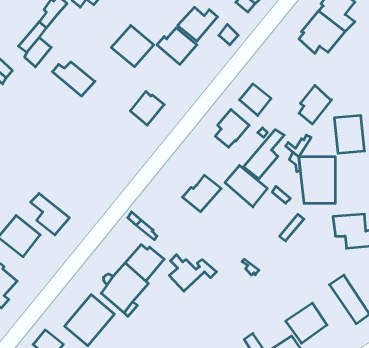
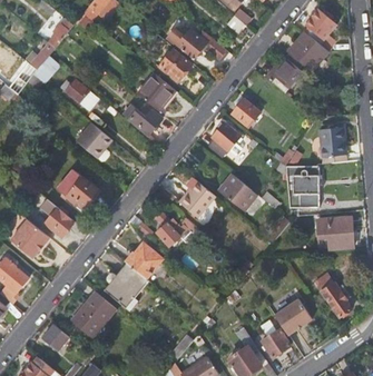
building: [111,25,154,67] -> [137,72,176,110]
building: [299,85,332,124] -> [272,57,302,92]
building: none -> [77,122,112,161]
building: [243,130,284,179] -> none
building: none -> [57,169,100,208]
building: [169,255,217,291] -> [156,212,199,246]

